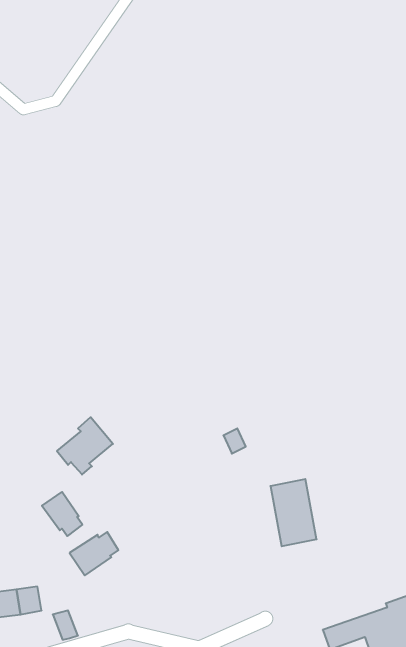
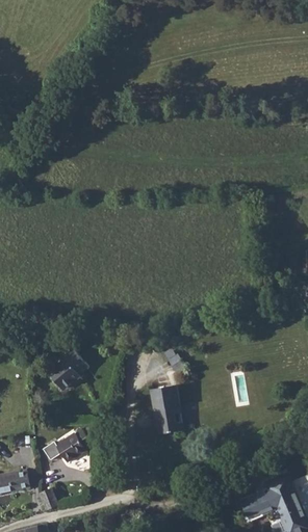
building: [270,479,317,546] -> [149,379,183,429]
building: [42,492,82,536] -> none

